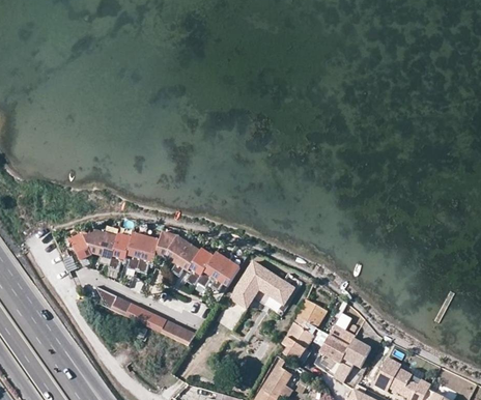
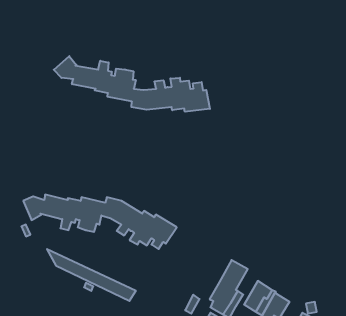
building: none -> [54,56,210,112]
building: [229,261,293,307] -> none

